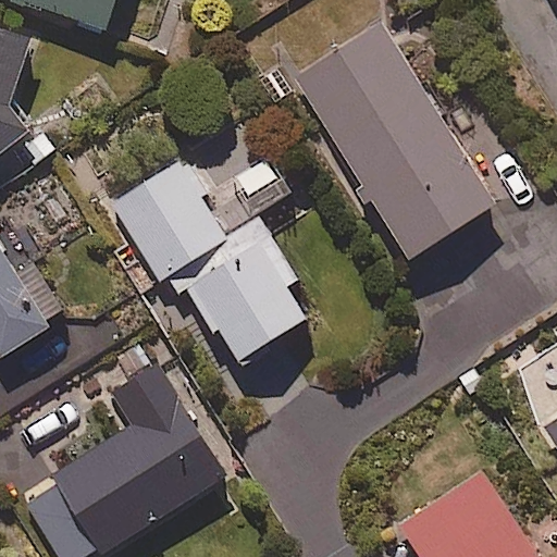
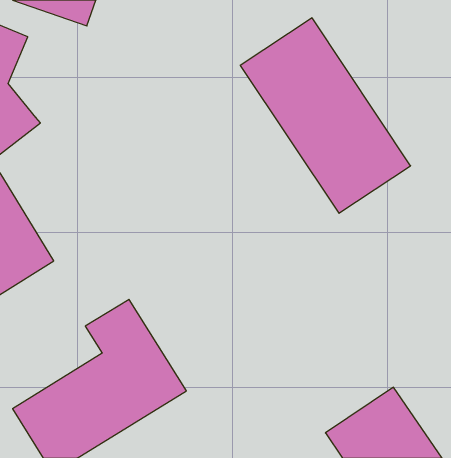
building: [107,154,306,366] -> none

